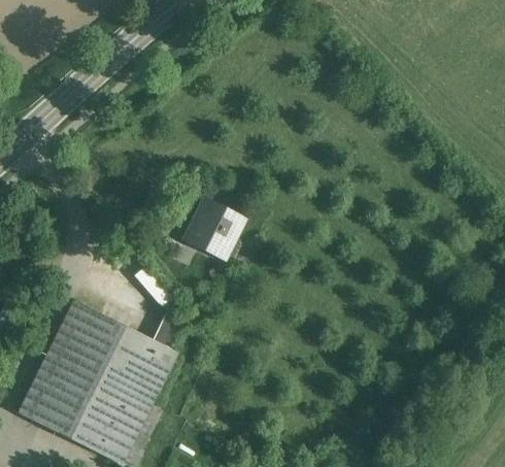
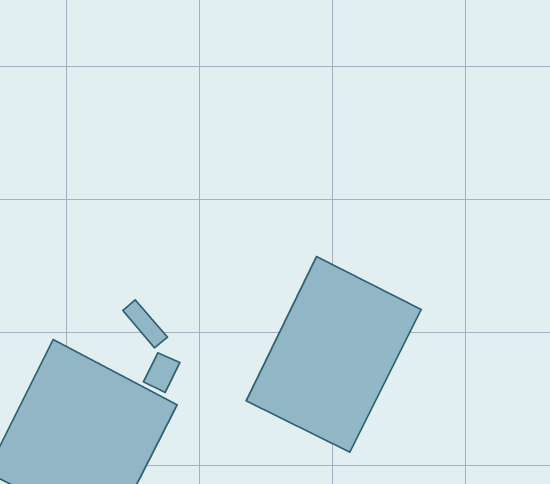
building: [184,198,245,261] -> none
building: none -> [246,257,421,452]

